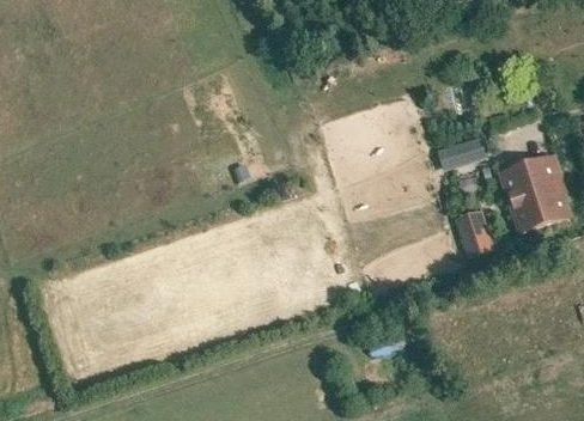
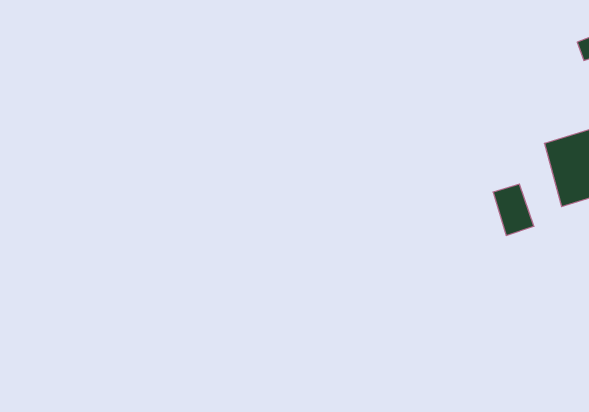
building: [438,132,489,166] -> none

